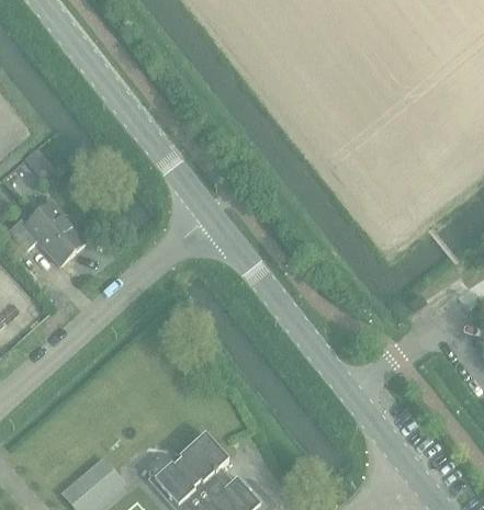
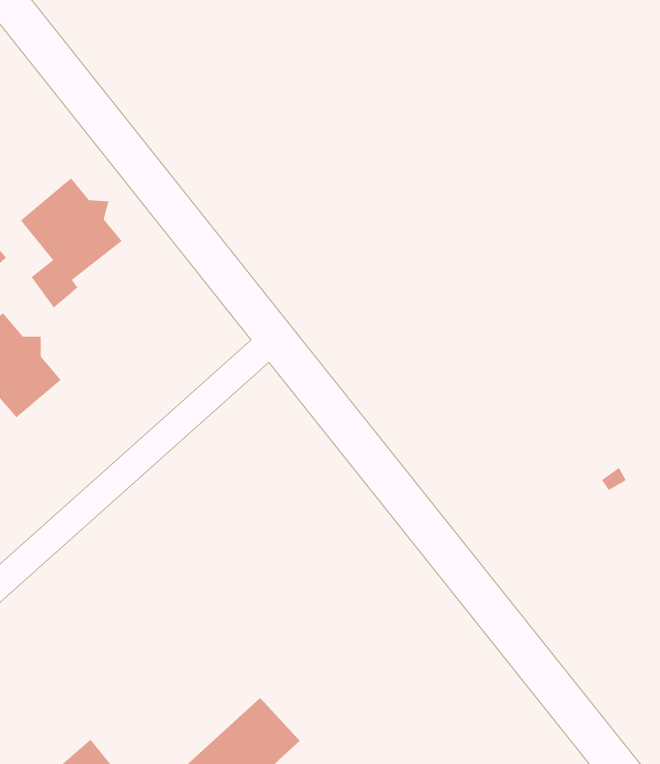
building: none -> [20,177,123,308]

